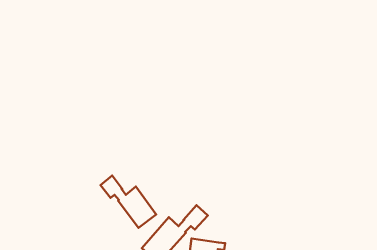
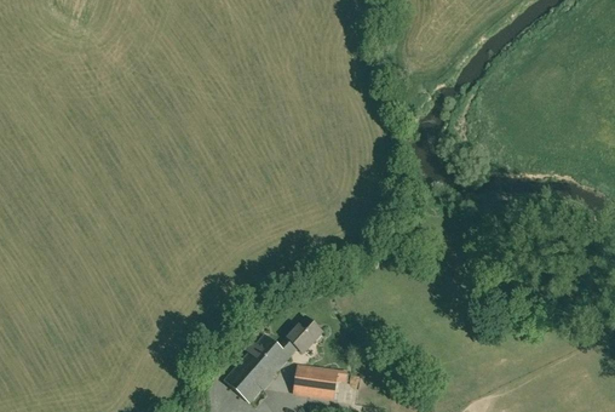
building: [100,176,156,228] -> none

